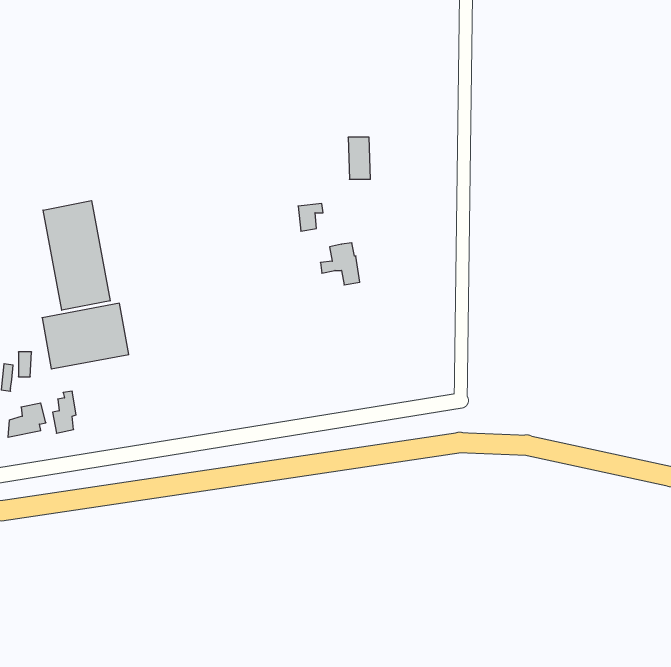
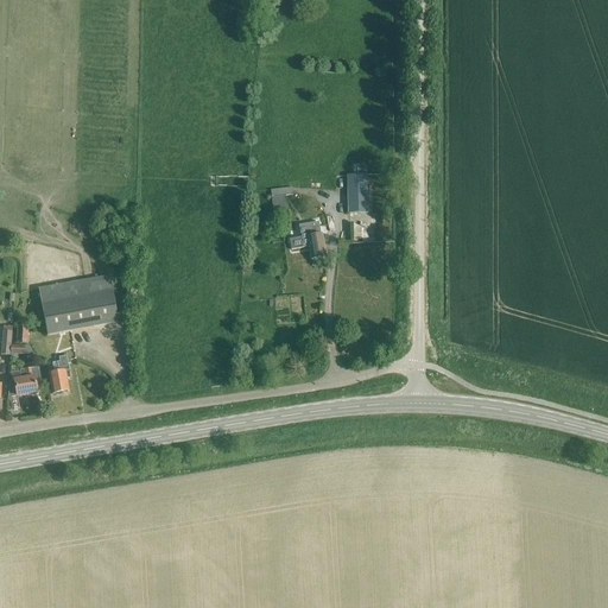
building: [348,137,370,179] -> [347,172,367,210]
building: [43,201,110,310] -> none

